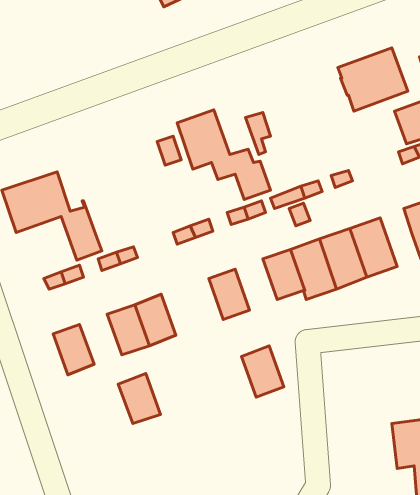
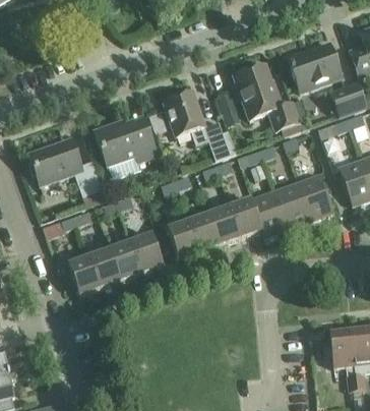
building: none -> [234,64,306,135]
building: none -> [94,117,157,166]
building: none -> [167,221,199,259]
building: [242,346,284,397] -> [208,206,241,245]
building: [118,374,160,424] -> [88,248,121,287]

